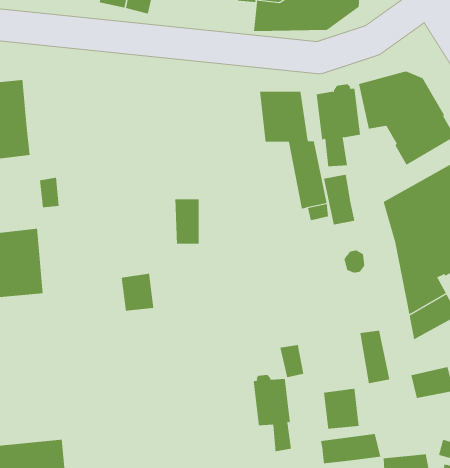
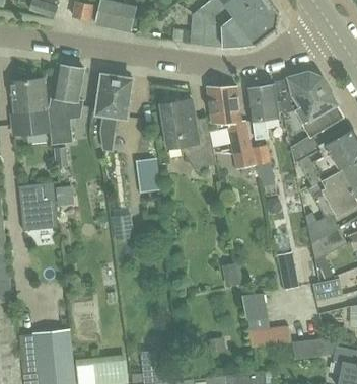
building: none -> [47,64,83,144]
building: none -> [95,72,131,150]
building: none -> [159,98,215,173]
building: [253,374,291,452] -> none

